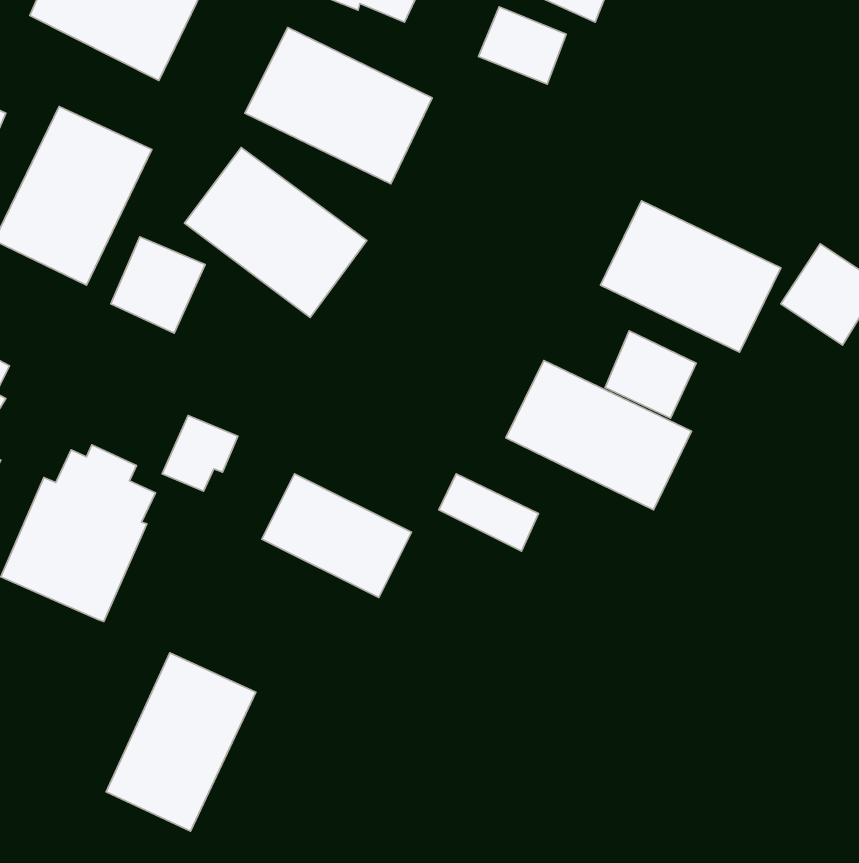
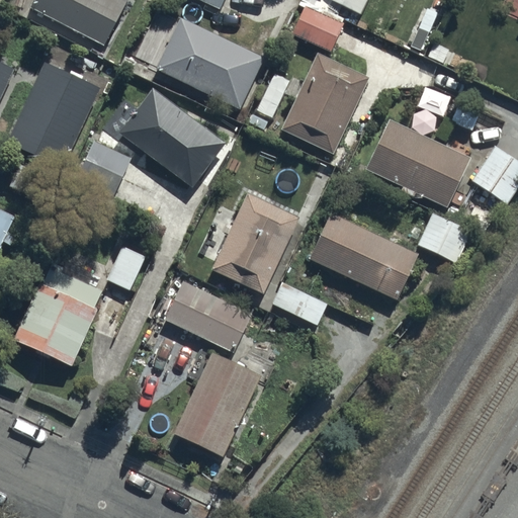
building: none -> [280,53,369,155]
building: none -> [209,191,299,293]
building: [605,331,696,418] -> [418,209,471,261]
building: [106,653,256,831] -> [174,351,262,456]

